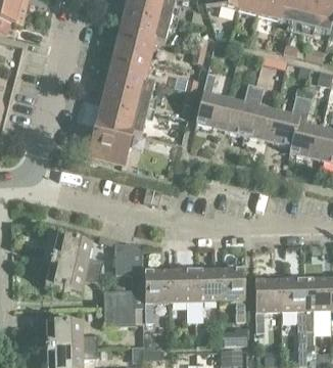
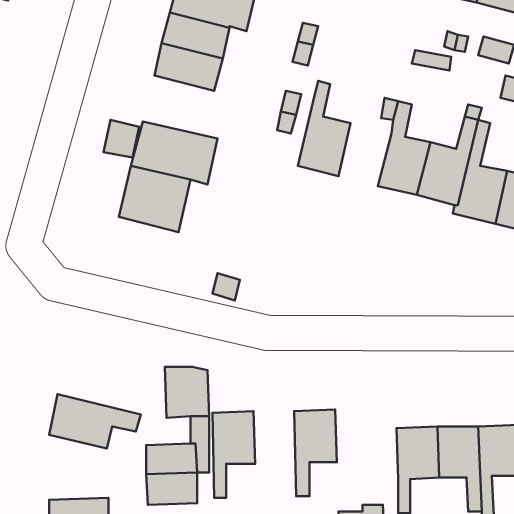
building: [103,68,155,106] -> none
building: [221,97,252,135] -> none
building: [52,235,105,272] -> none
building: [219,269,245,320] -> none
building: [170,270,195,321] -> none

